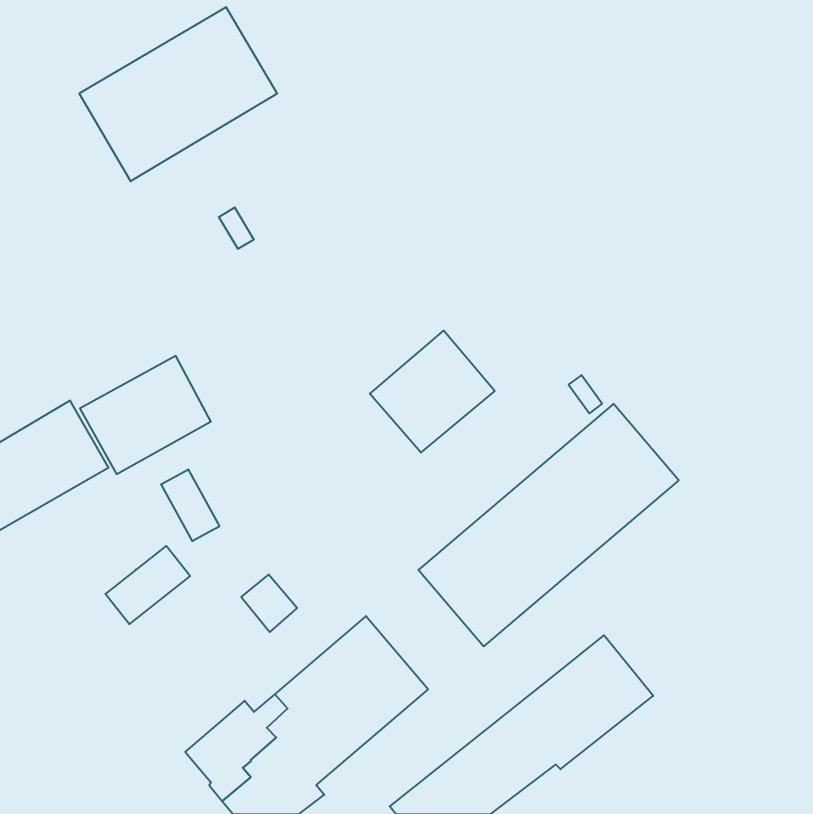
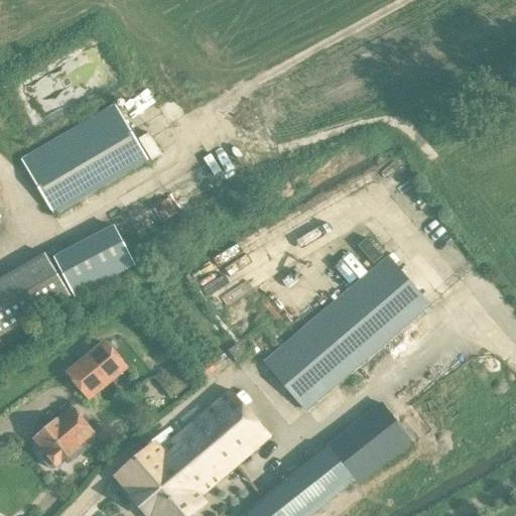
building: [79,7,277,181] -> [21,104,146,214]
building: [370,331,495,453] -> none
building: [161,469,219,541] -> none
building: none -> [32,407,92,466]

